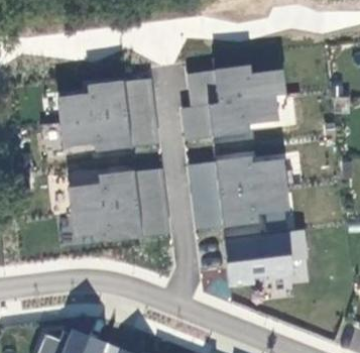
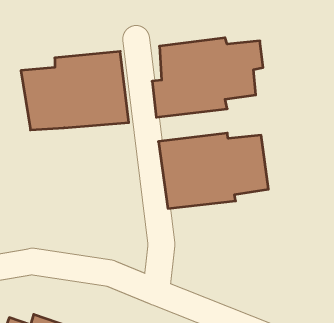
building: [66,169,169,244] -> none
building: [223,230,291,286] -> none

